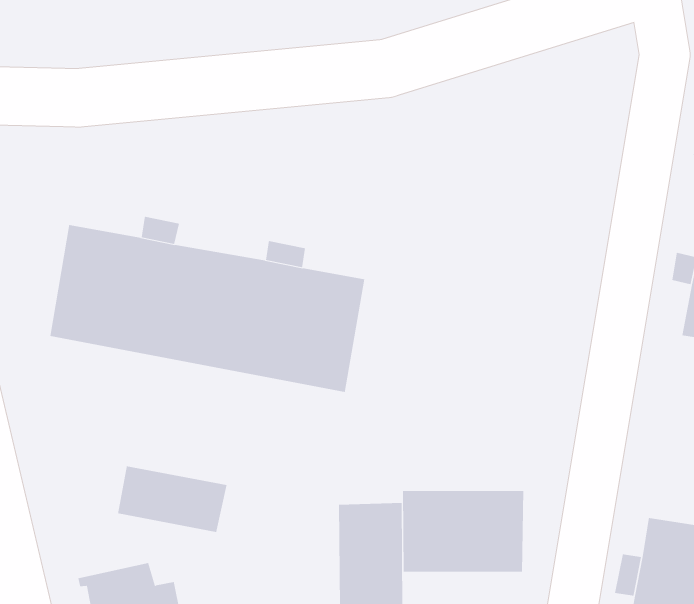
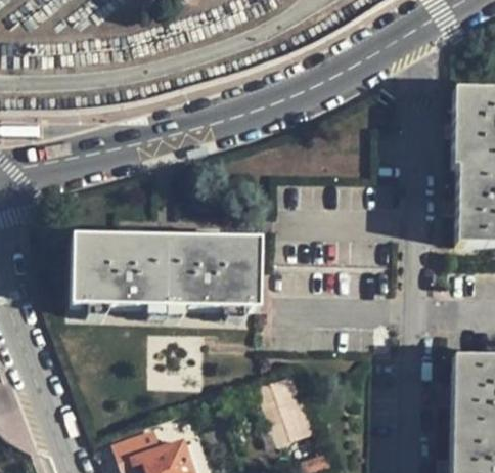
building: [117,465,227,533] -> none
building: [403,490,524,572] -> none

